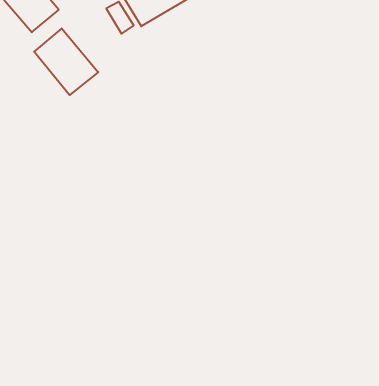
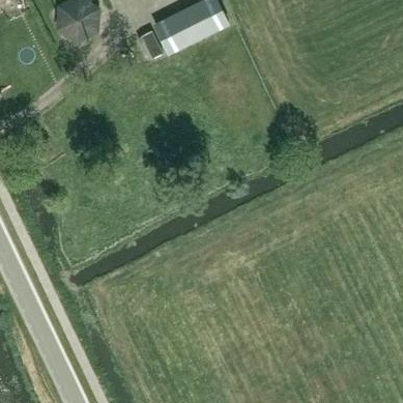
building: [34,28,98,95] -> none

